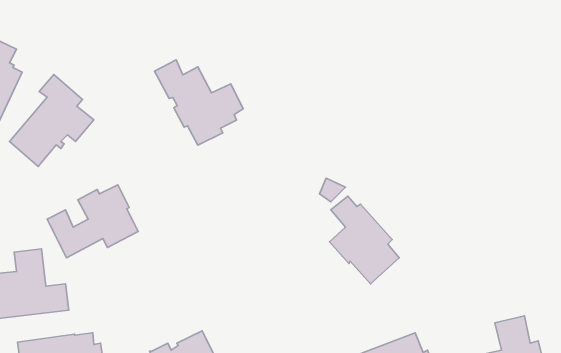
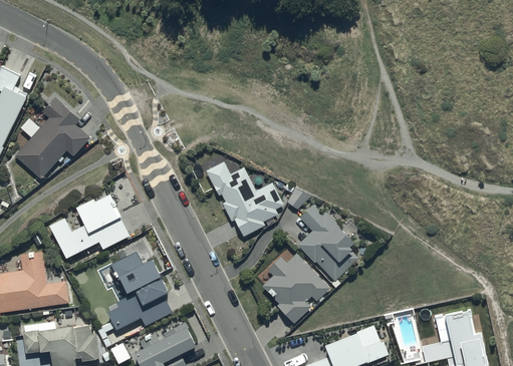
building: [154,60,243,145] -> [205,161,283,237]
building: none -> [105,252,172,330]
building: none -> [262,253,330,323]

